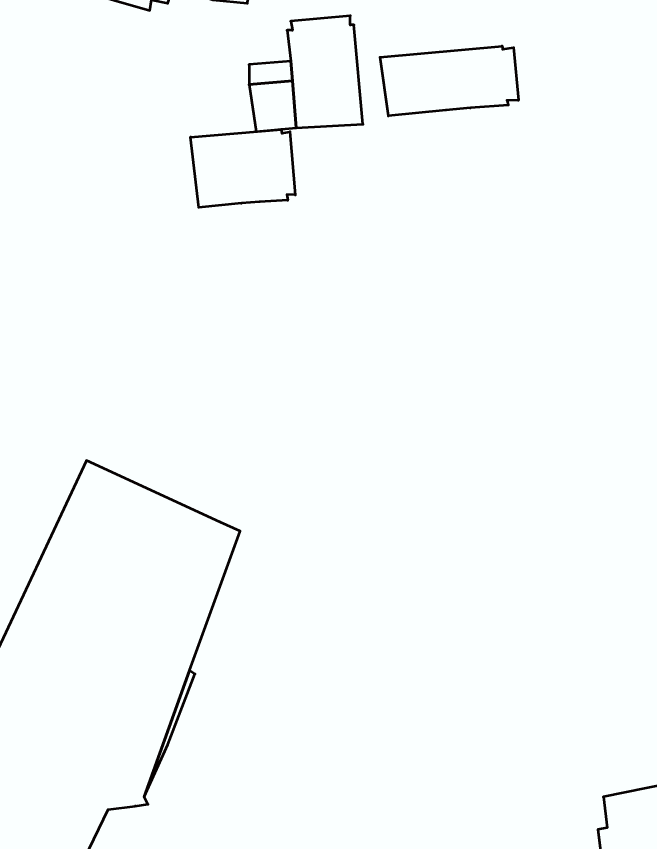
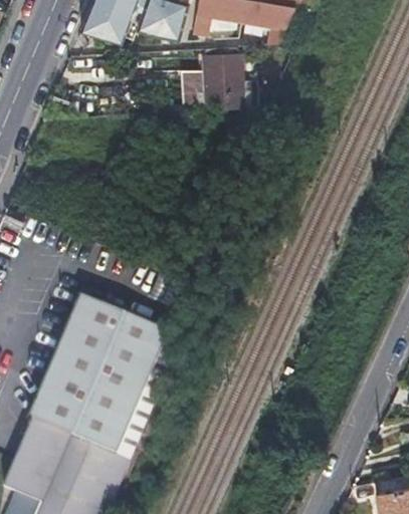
building: [380,46,518,116] -> none
building: [191,129,295,207] -> none

